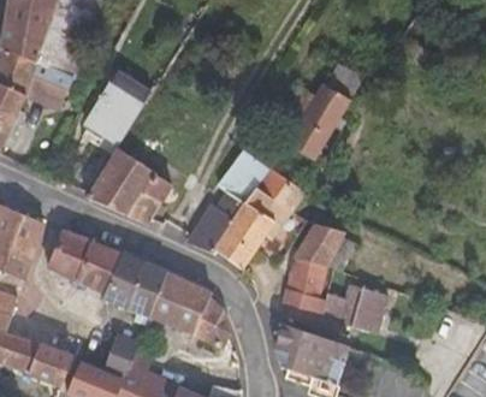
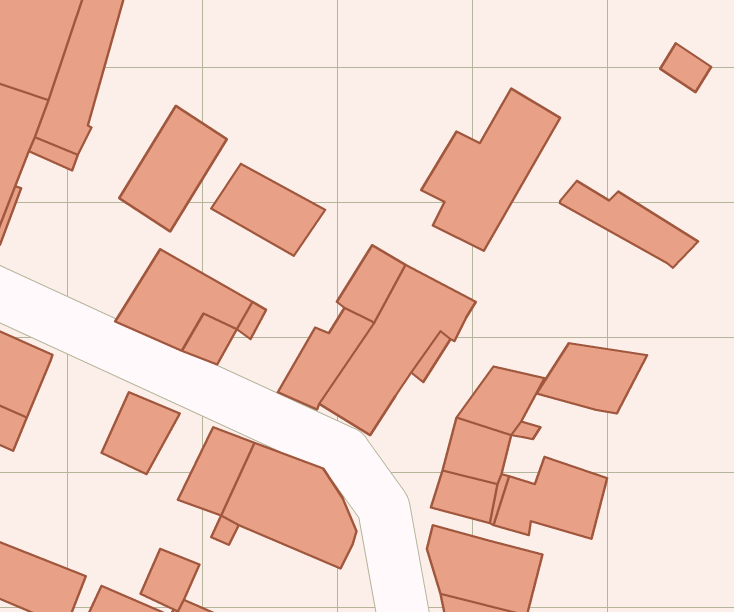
building: none -> [211,164,325,256]
building: none -> [560,181,698,268]
building: none -> [536,343,647,413]
building: [47,231,93,280] -> none
building: [101,256,144,309] -> none

